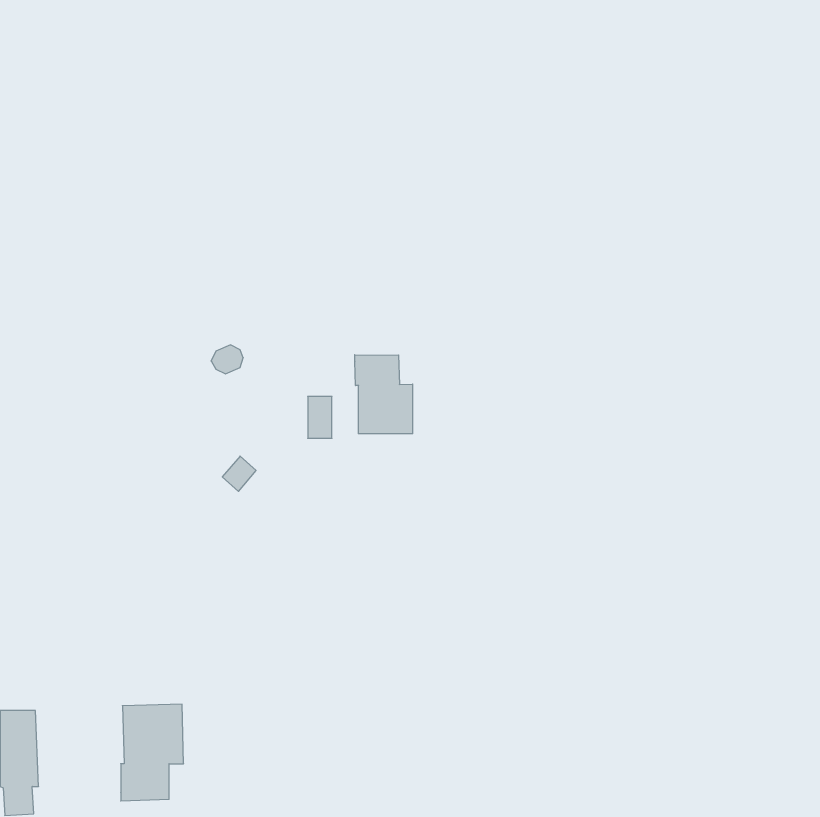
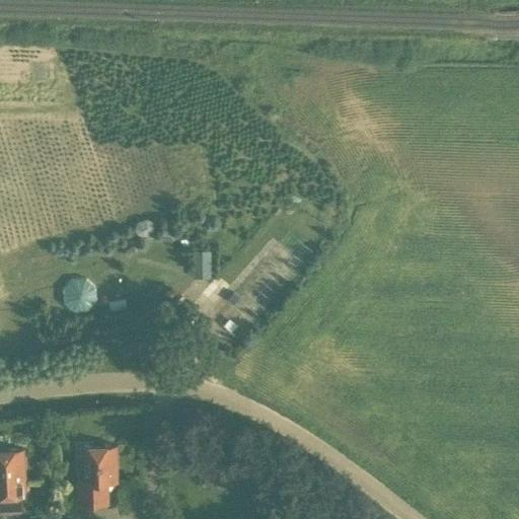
building: [355,355,413,434] -> none
building: none -> [64,281,96,311]

